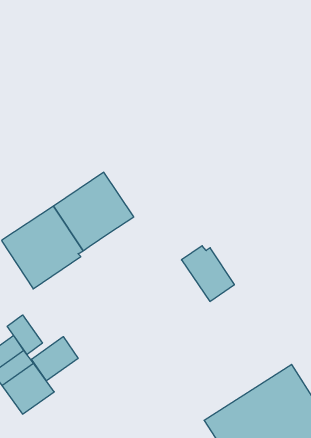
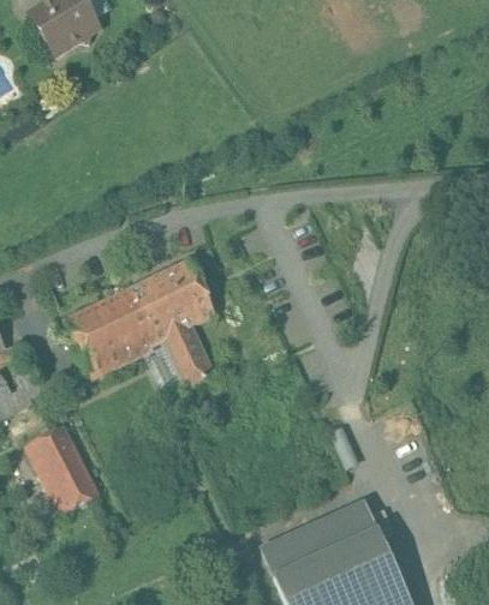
building: [181,246,234,301] -> [161,328,215,390]
building: [7,315,42,354] -> none
building: [31,337,78,381] -> none

